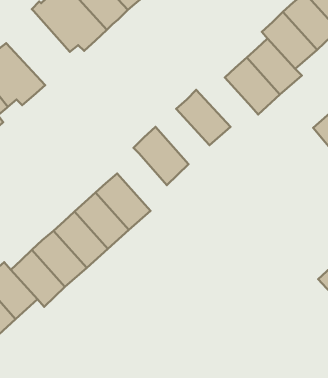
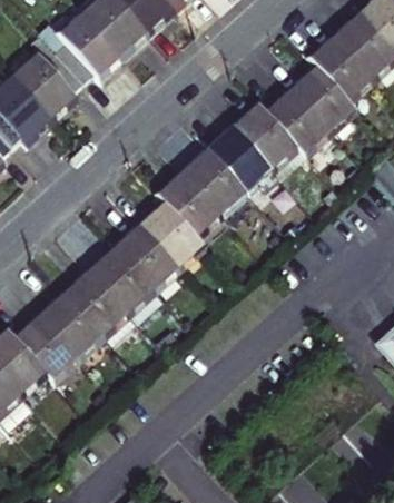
building: none -> [9,33,83,120]
building: none -> [232,103,296,169]
building: none -> [184,148,247,213]
building: none -> [139,200,204,267]

